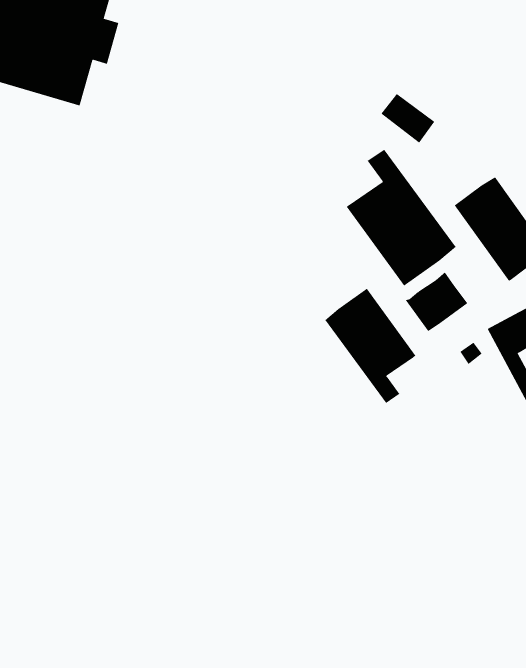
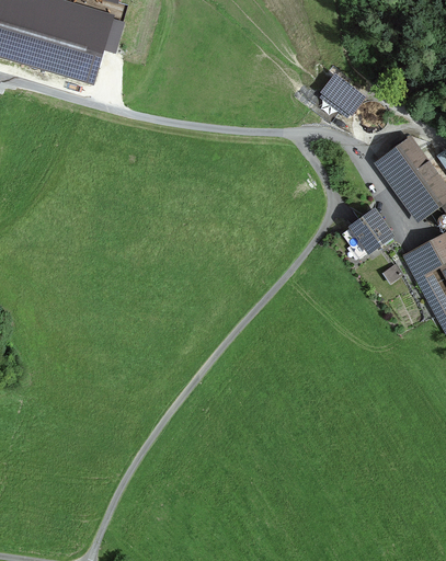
building: [346,149,456,286] -> none
building: [324,288,416,404] -> none

